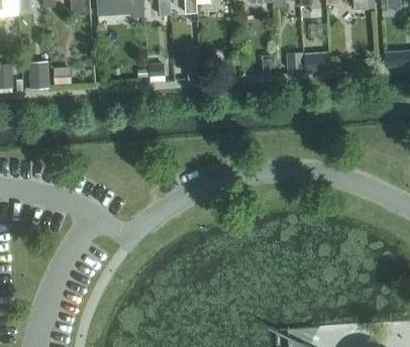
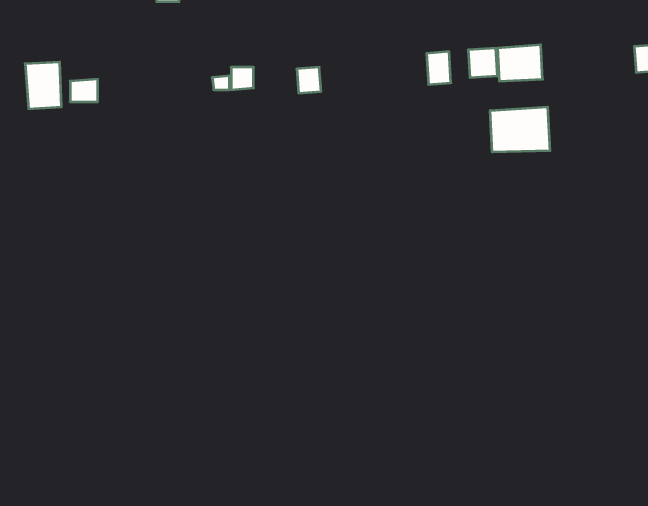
building: none -> [490,107,550,152]

